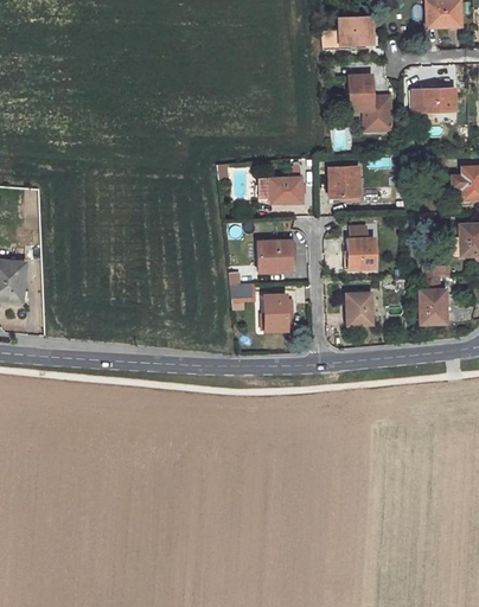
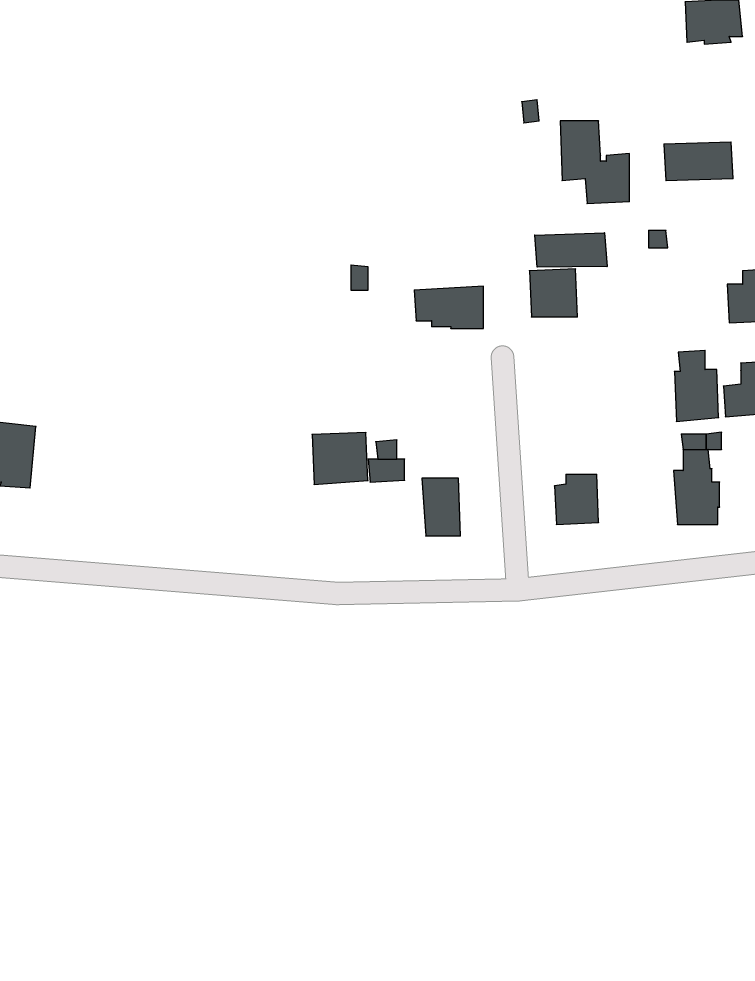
building: [322,17,373,50] -> none
building: none -> [535,233,607,267]
building: [349,225,376,269] -> [674,350,719,421]
building: [257,241,292,273] -> [312,433,368,484]

